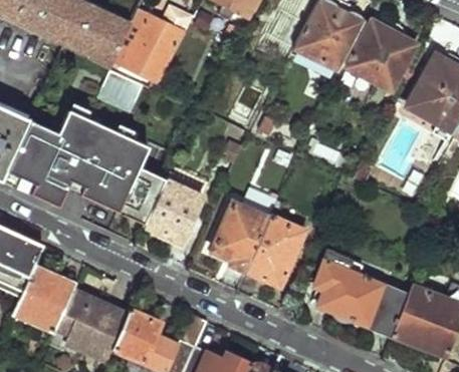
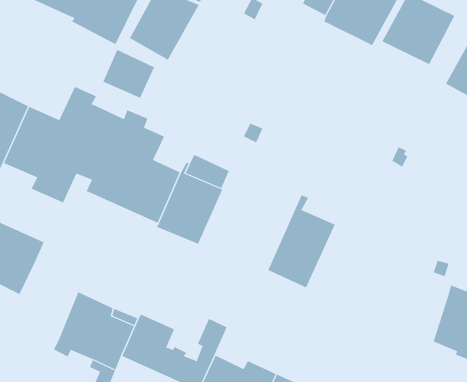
building: [211,192,277,270] -> none
building: [319,250,407,334] -> none
building: [12,263,76,333] -> none

